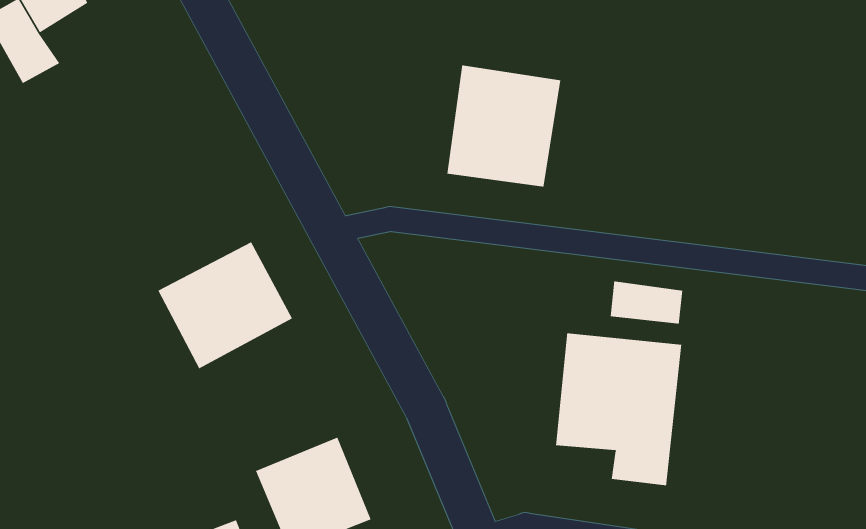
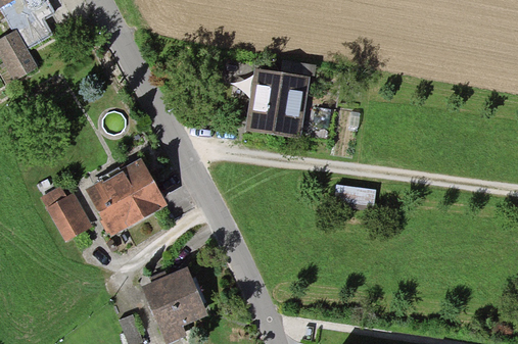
building: none -> [40,188,87,238]
building: [556,333,682,486] -> none

